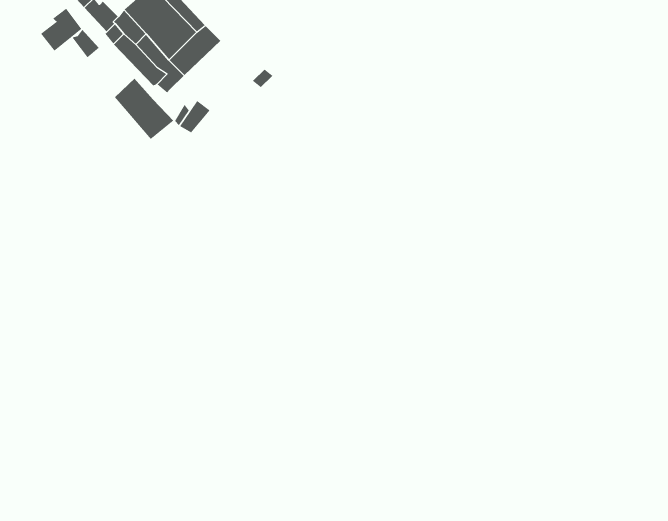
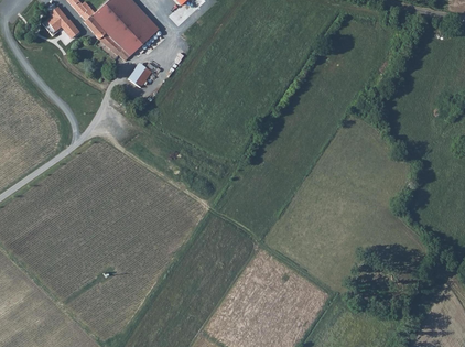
building: [114,78,174,140] -> none

